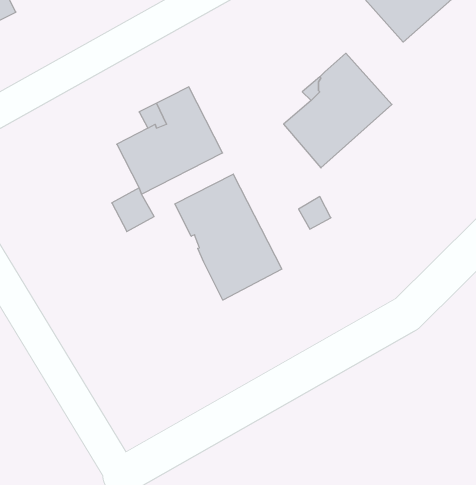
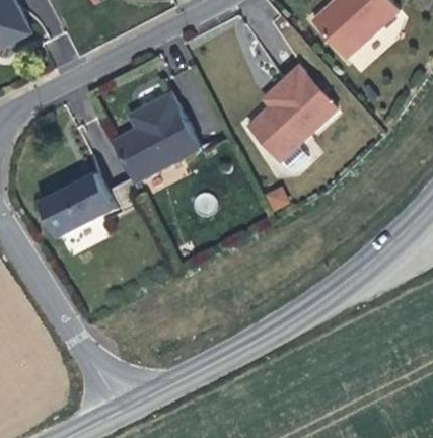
building: [175,174,282,300] -> none
building: none -> [40,172,115,237]

